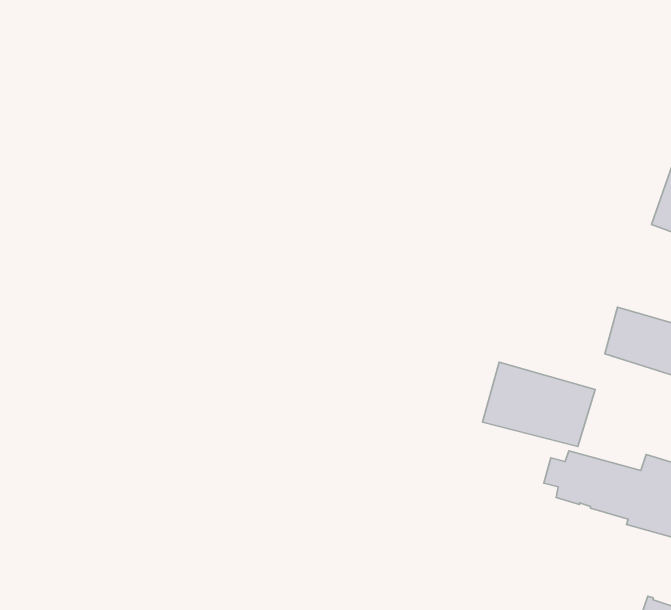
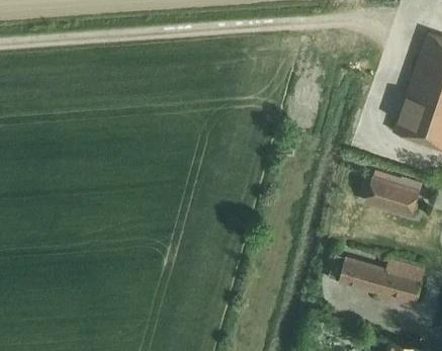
building: [483,362,595,446] -> none

